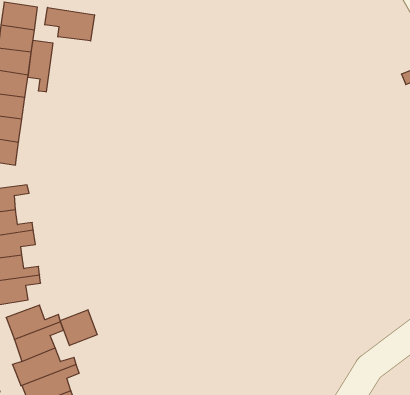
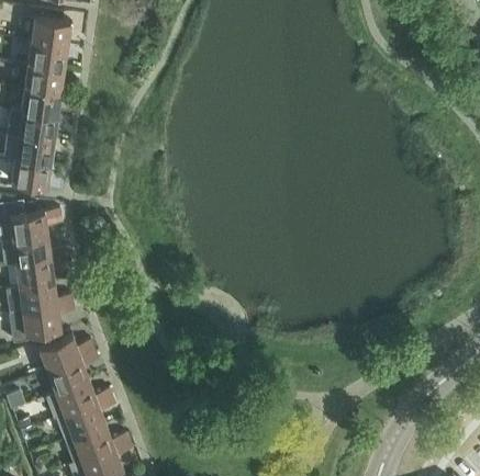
building: [45,7,94,41] -> none
building: [28,40,53,92] -> none
building: [60,310,97,346] -> none

